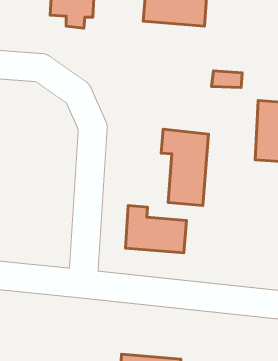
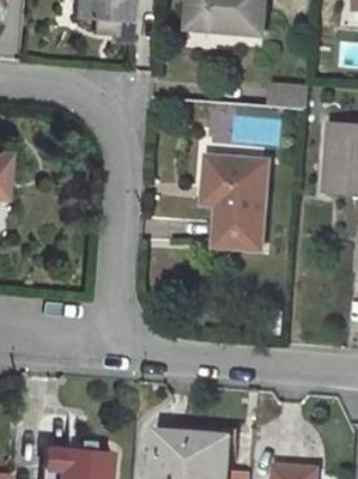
building: [125,205,186,253] -> none

